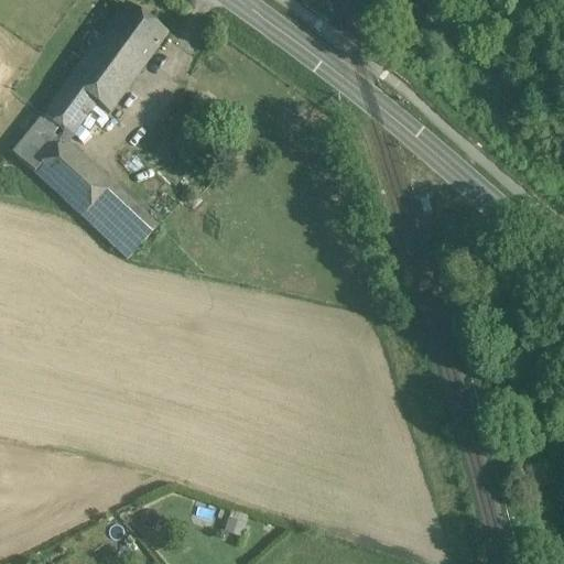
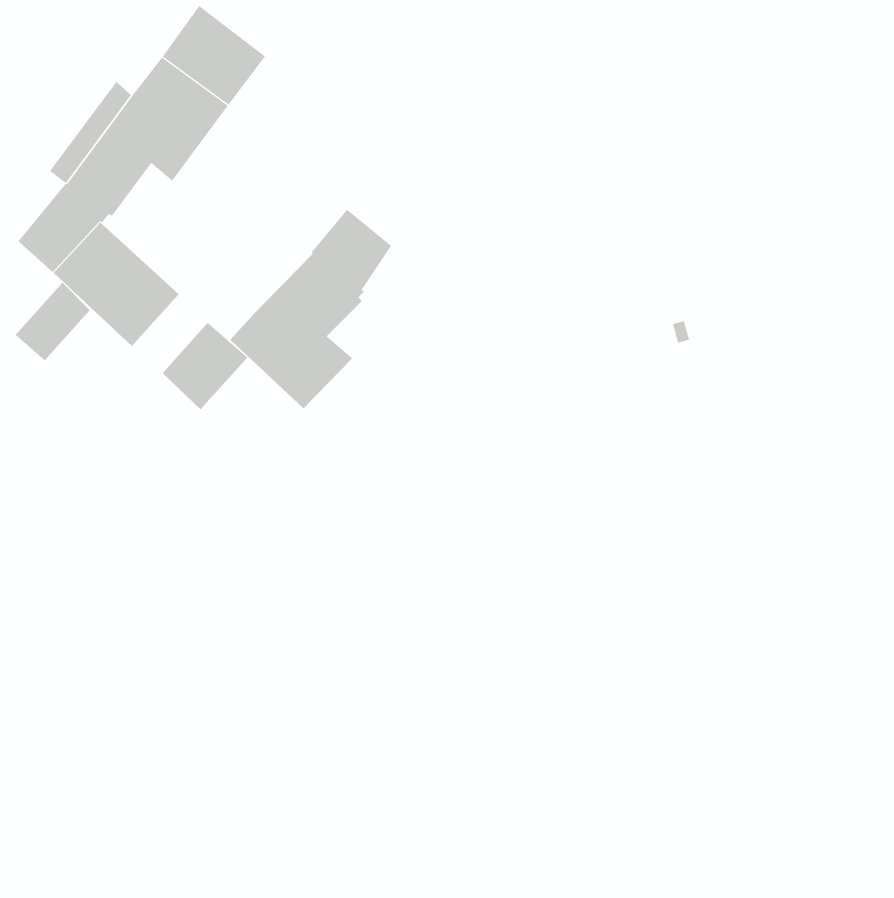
building: none -> [229,209,392,409]
building: [86,184,133,234] -> [15,282,91,361]

